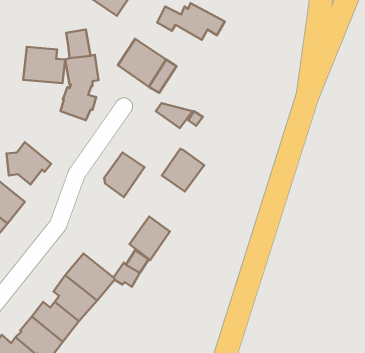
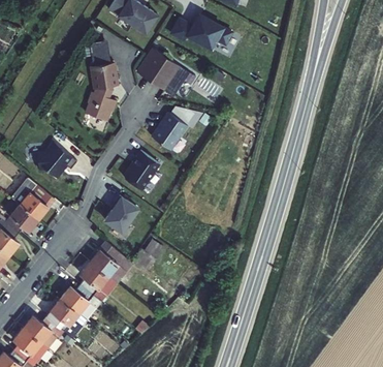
building: [23,47,65,83] -> none
building: [162,149,204,191] -> [151,113,189,151]
building: [130,217,170,260] -> [103,196,139,236]

